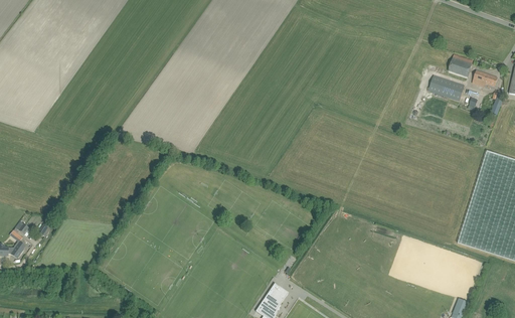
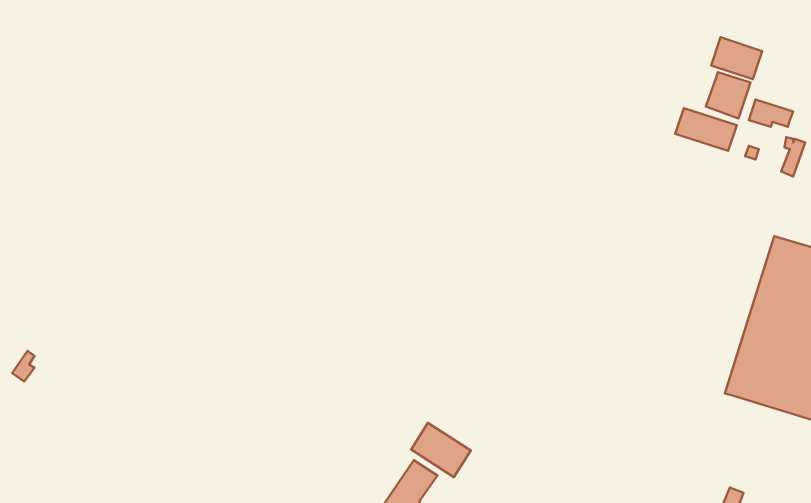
building: none -> [711,37,762,79]
building: none -> [411,423,471,477]

